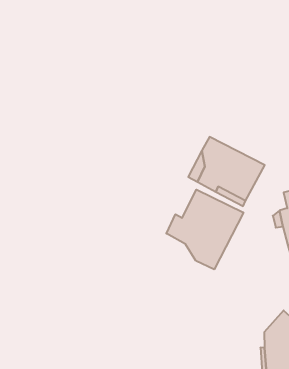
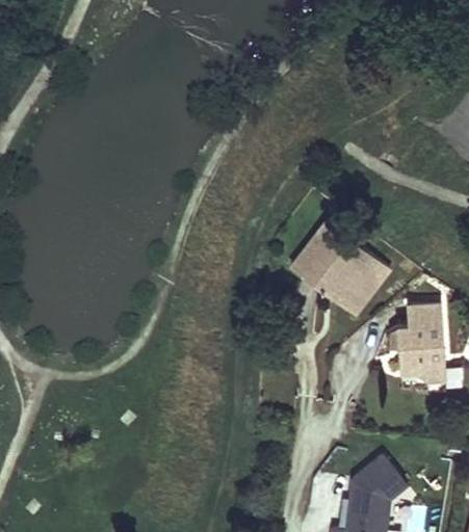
building: [166,190,243,269] -> none

